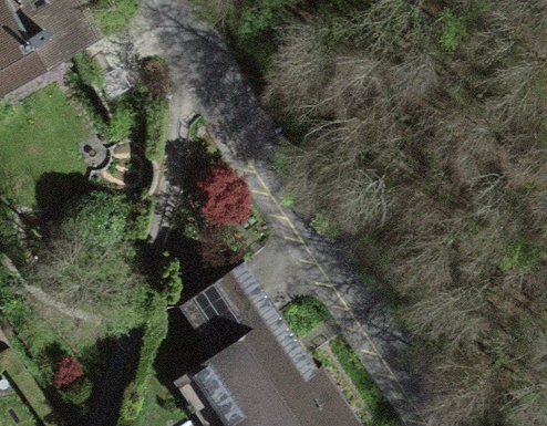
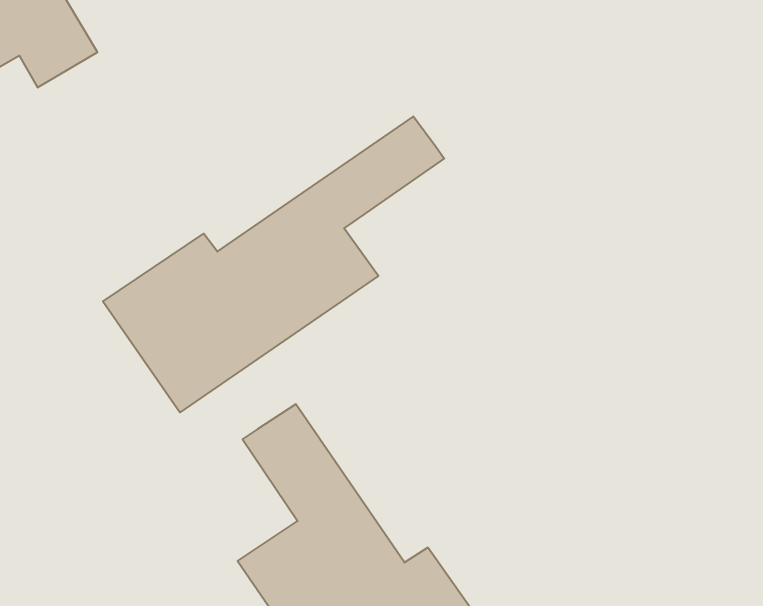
building: none -> [103,116,444,412]

